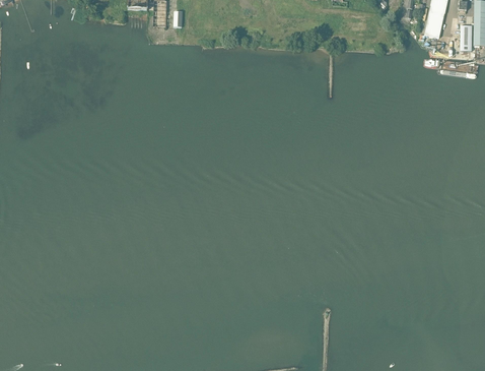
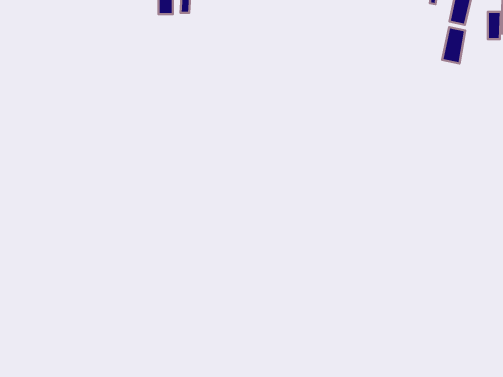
building: none -> [442,27,465,64]

